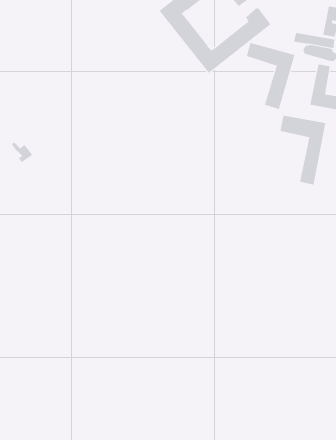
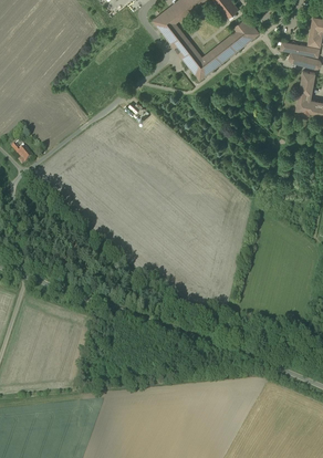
building: [246,42,295,110] -> none
building: [280,115,326,185] -> none

